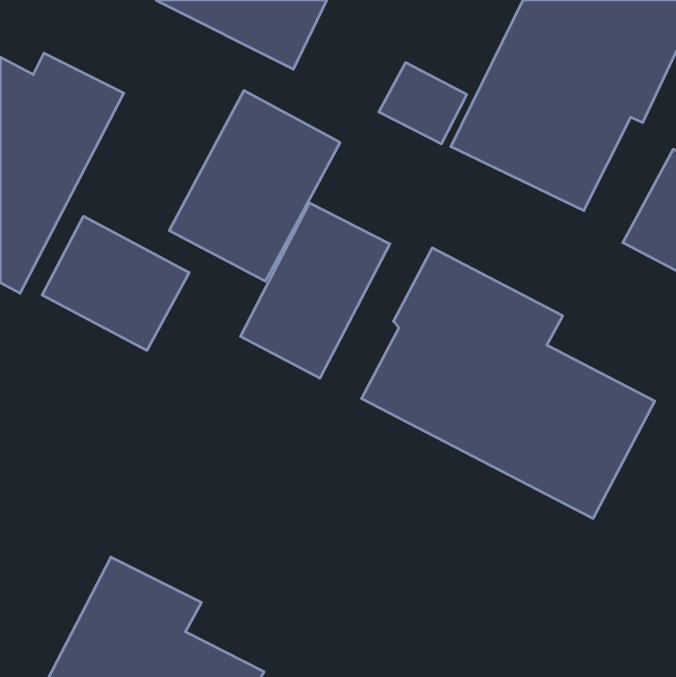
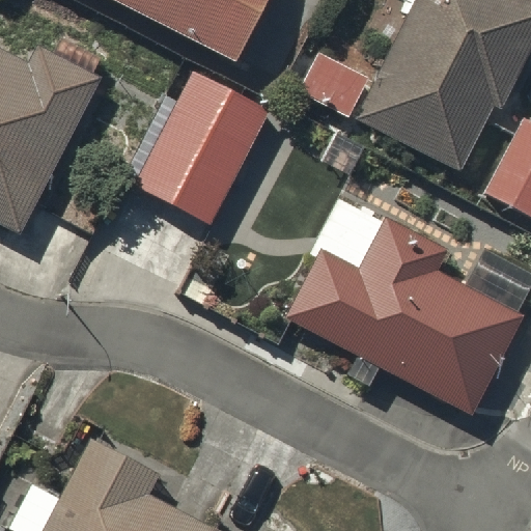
building: [240,203,390,378] -> none
building: [42,216,189,350] -> none

